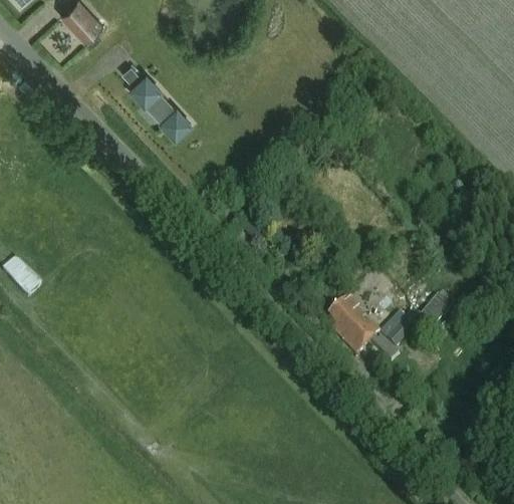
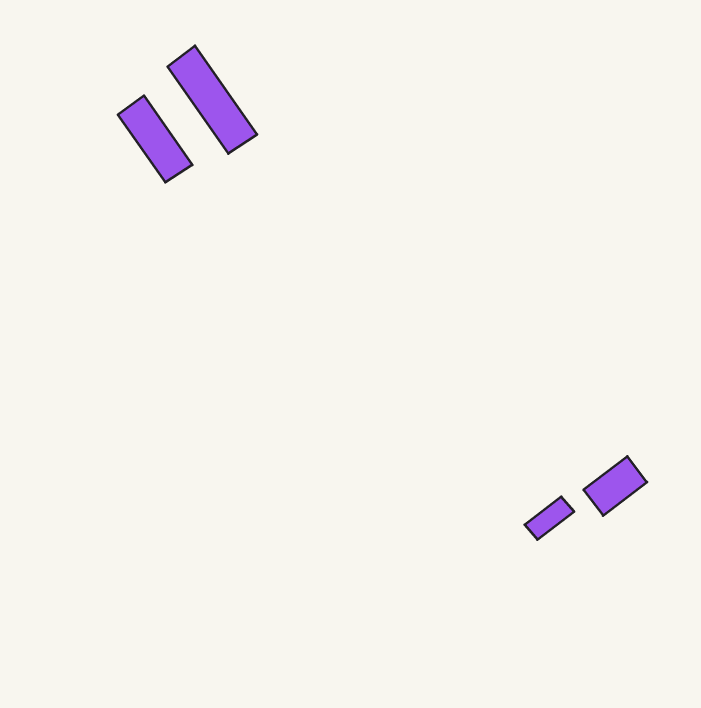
building: none -> [118,96,192,182]
building: [324,296,377,355] -> none

